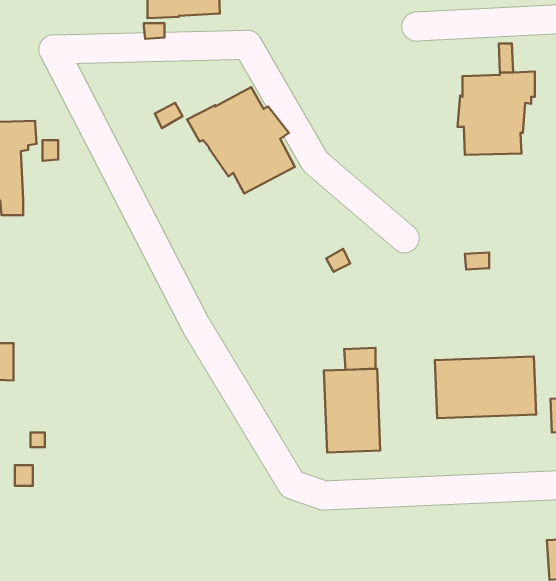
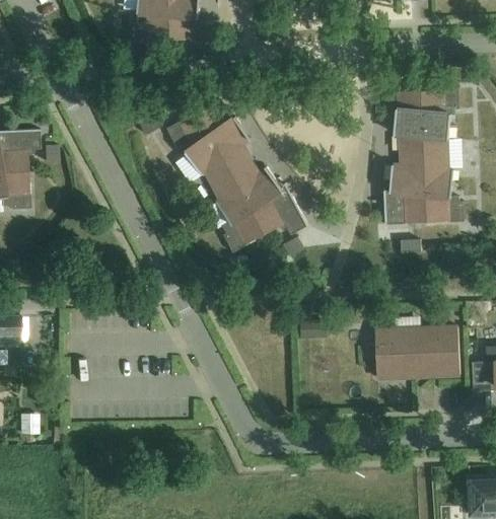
building: none -> [383,156,464,225]
building: none -> [214,166,307,252]
building: [324,369,380,452] -> none

